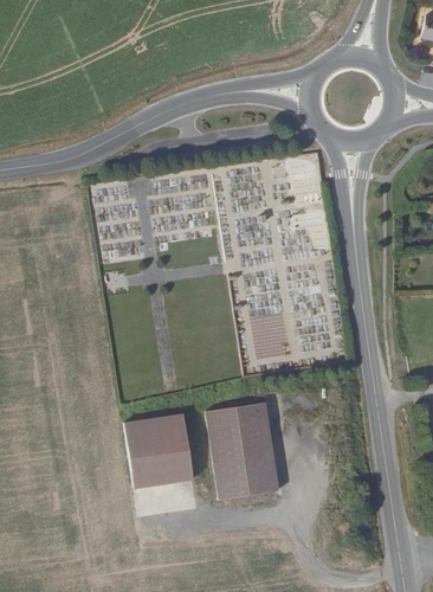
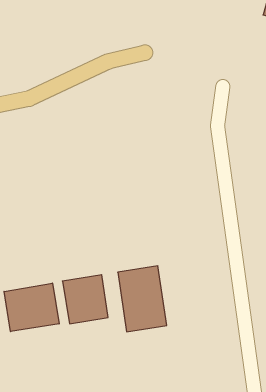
building: none -> [4,283,59,332]

